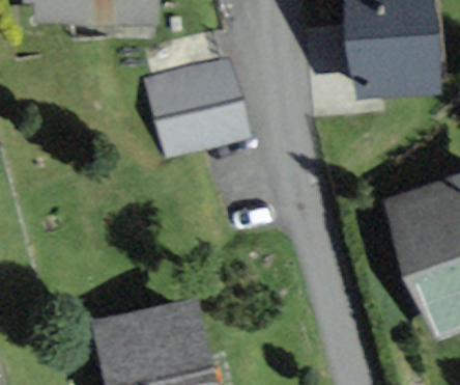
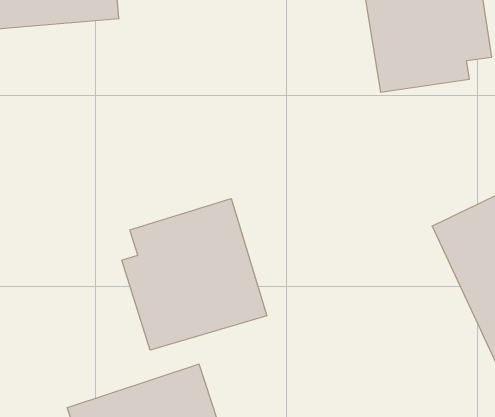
building: [143,54,253,154] -> none
building: none -> [122,199,267,350]

